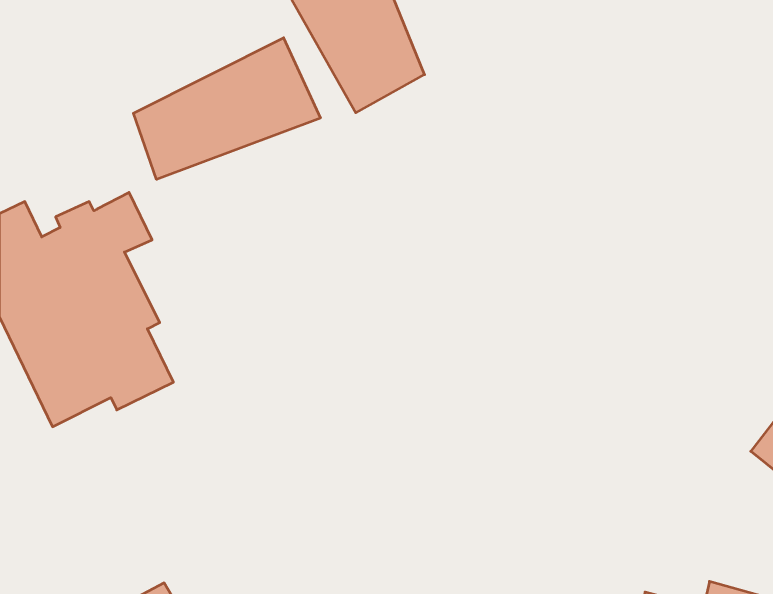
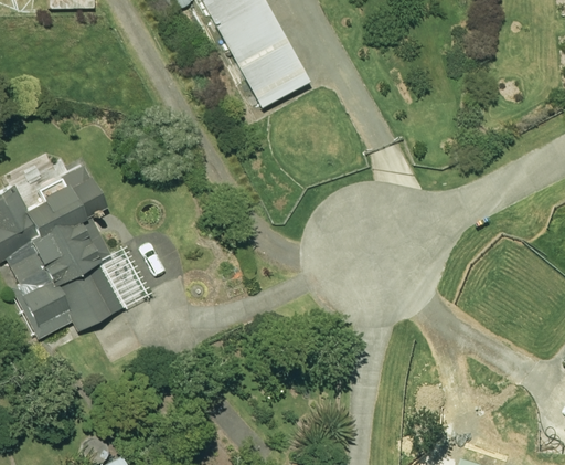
building: [133,38,320,179] -> none

